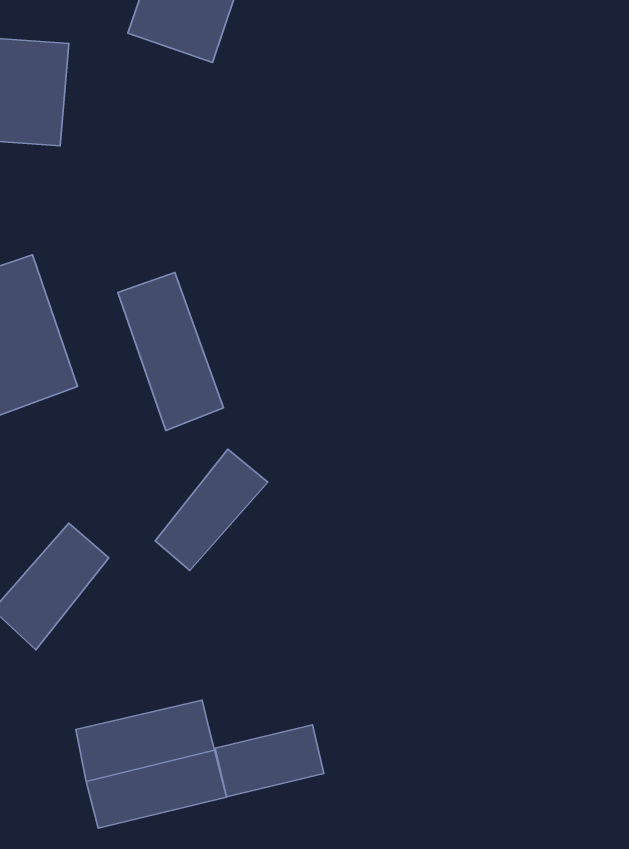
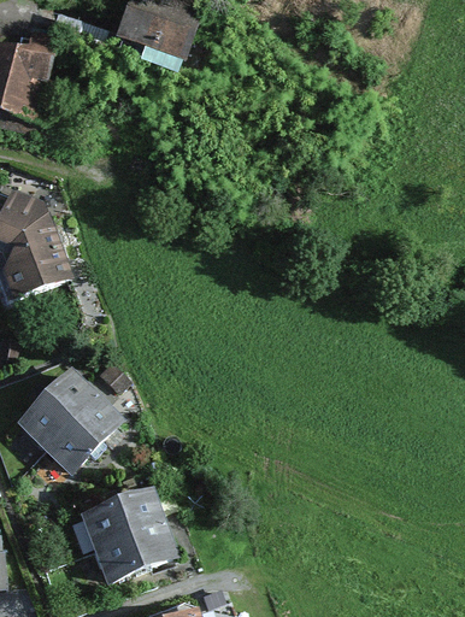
building: [118,272,223,430] -> none
building: [155,449,268,570] -> [46,394,124,478]
building: [215,725,324,797] -> none

